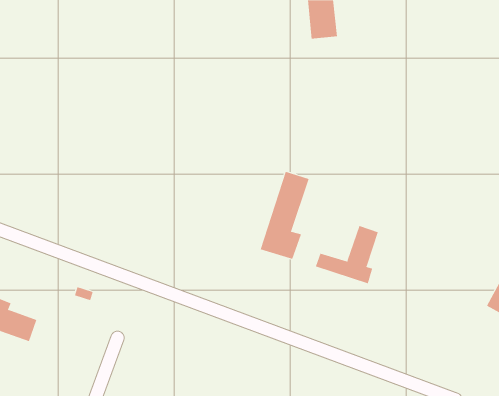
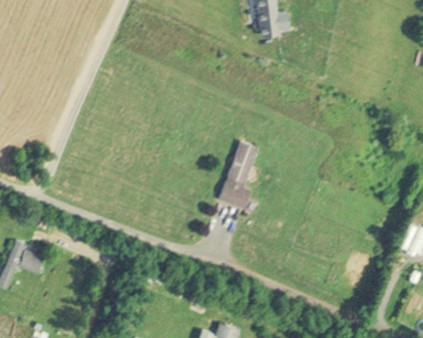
building: [315,225,379,284] -> none

